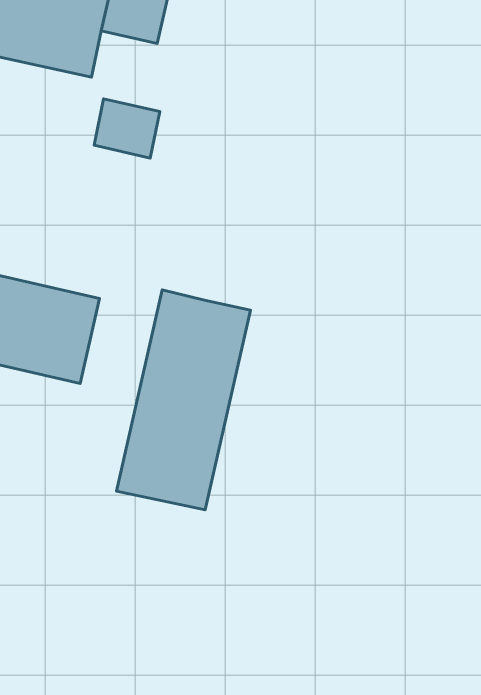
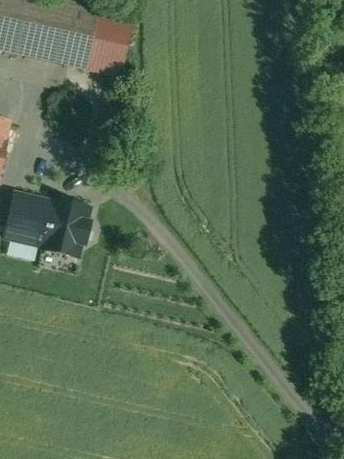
building: [94,99,160,158] -> [84,38,125,75]
building: [116,290,250,510] -> none

